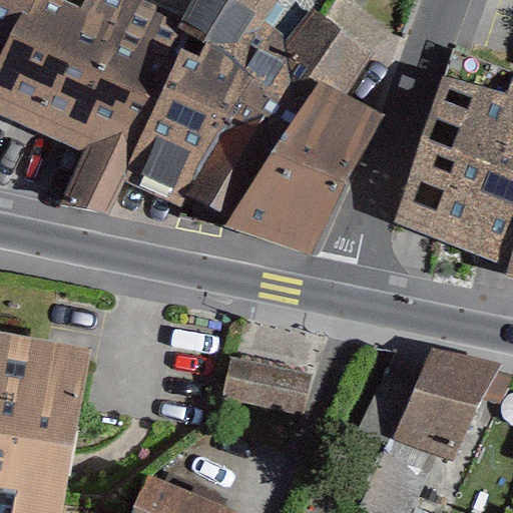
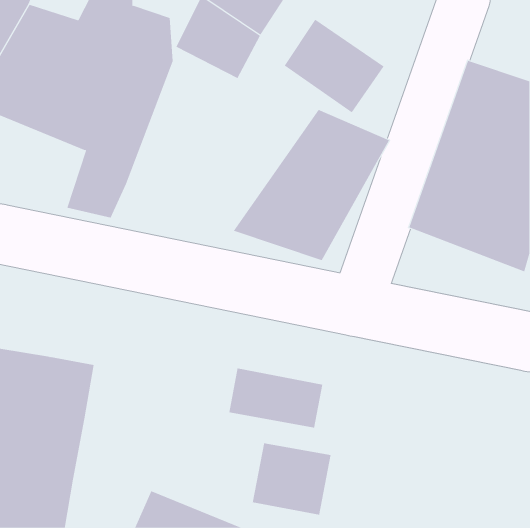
building: [122,60,267,205] -> none
building: [392,348,500,462] -> none
building: none -> [252,442,331,515]

